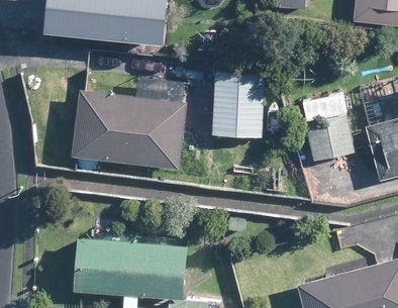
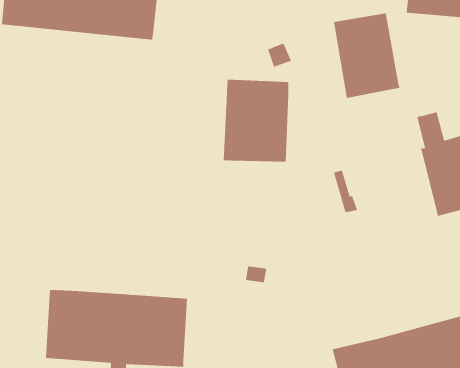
building: [72,91,185,170] -> none
building: [302,94,355,161] -> [333,13,401,98]

